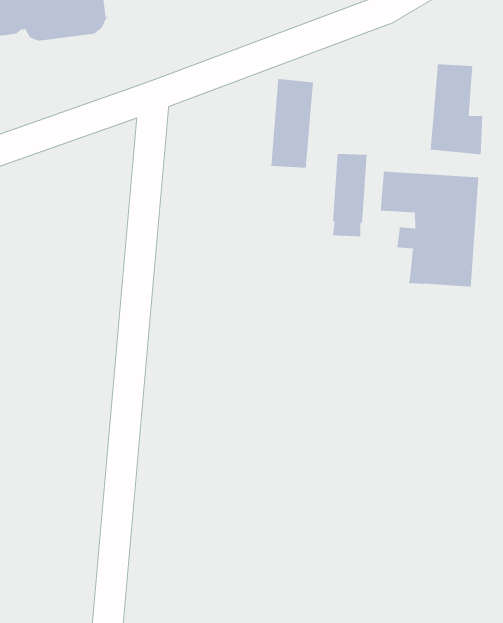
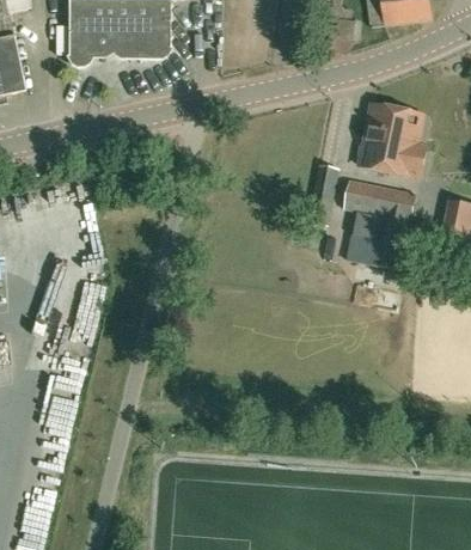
building: [270,79,314,168] -> [359,103,397,169]

